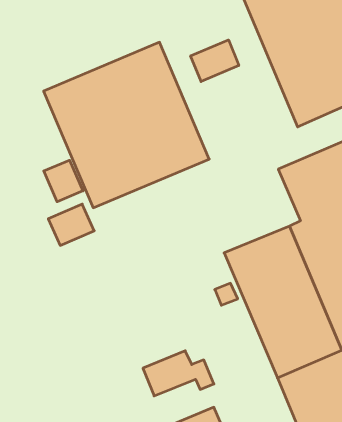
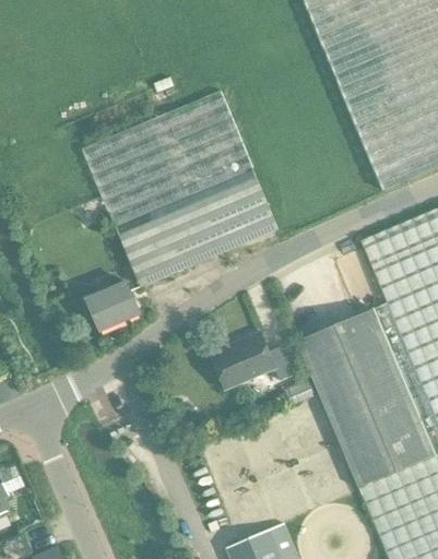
building: [191,40,239,82] -> none
building: [44,160,83,202] -> none
building: [143,351,214,396] -> [213,335,297,389]

